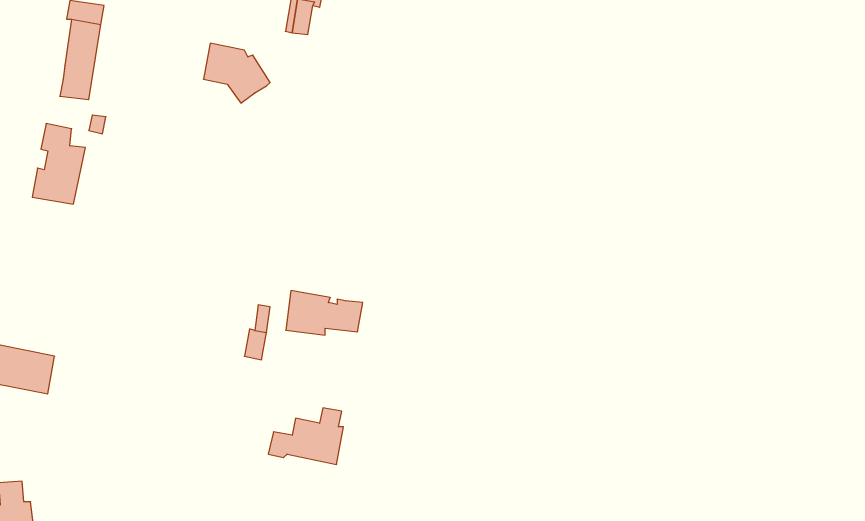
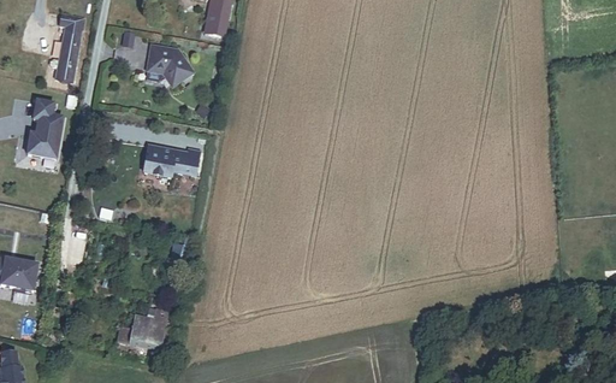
building: [286,291,363,335] -> [144,145,199,176]
building: [268,408,343,464] -> [116,307,168,347]

